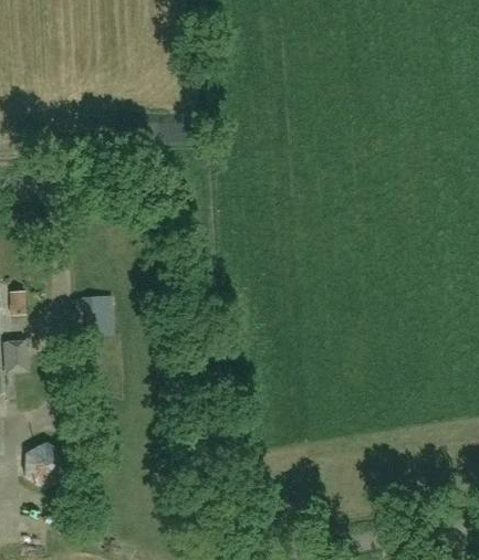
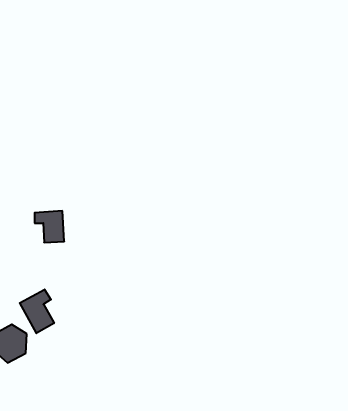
building: none -> [20,289,54,333]

